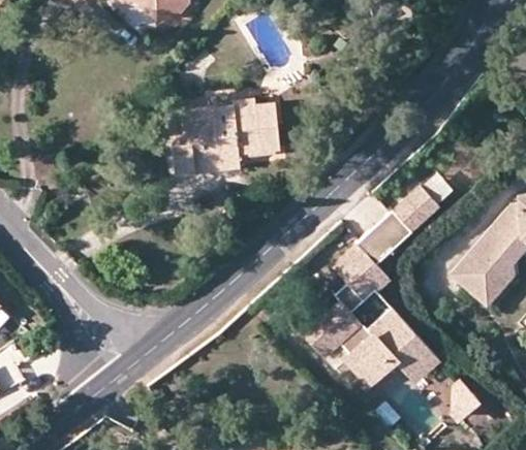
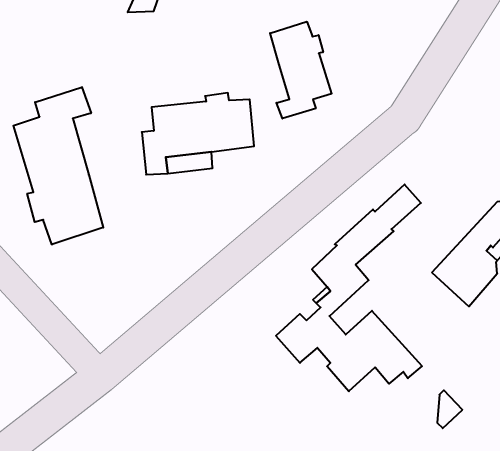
building: none -> [270,22,332,119]
building: none -> [13,87,103,245]

